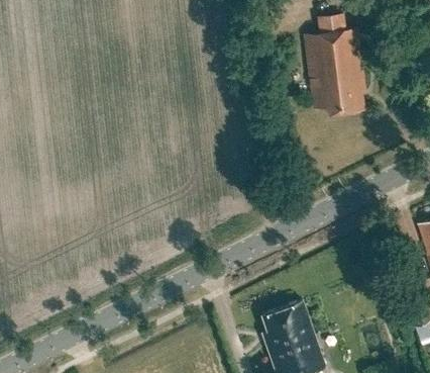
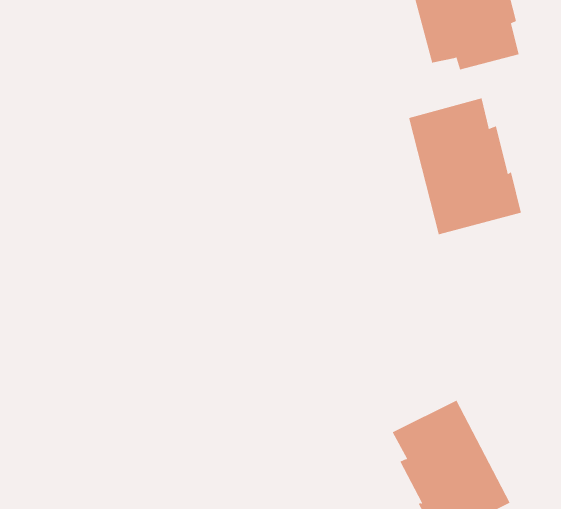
building: none -> [409,97,521,235]

